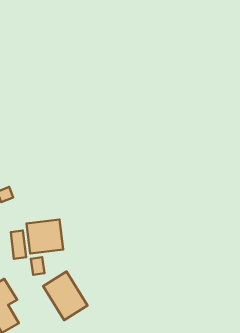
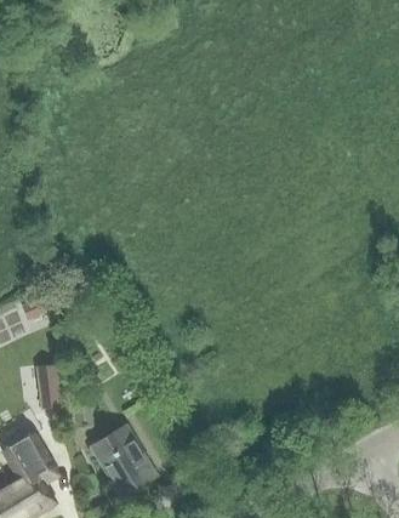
building: [27,219,63,253] -> none

